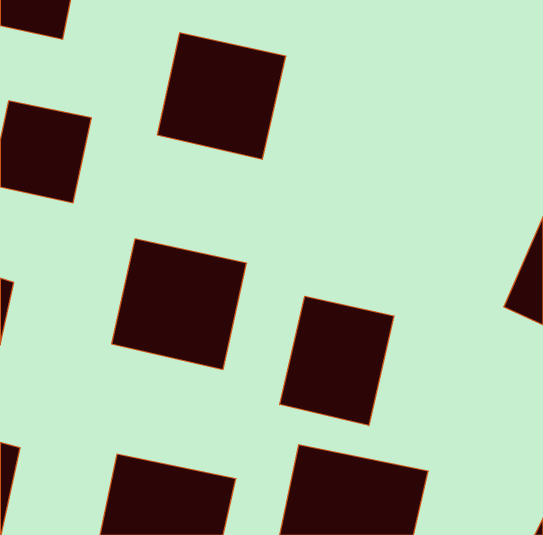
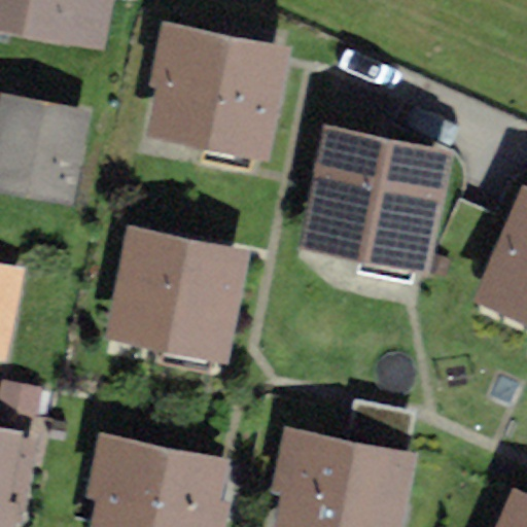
building: none -> [301,130,445,270]
building: [280,296,394,426] -> none

